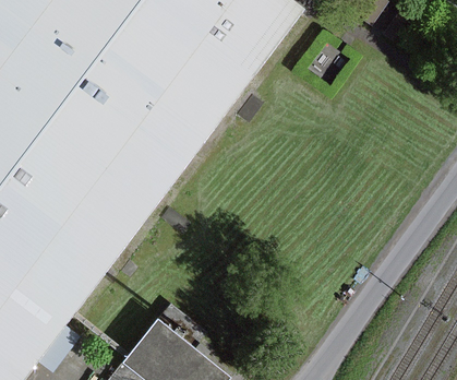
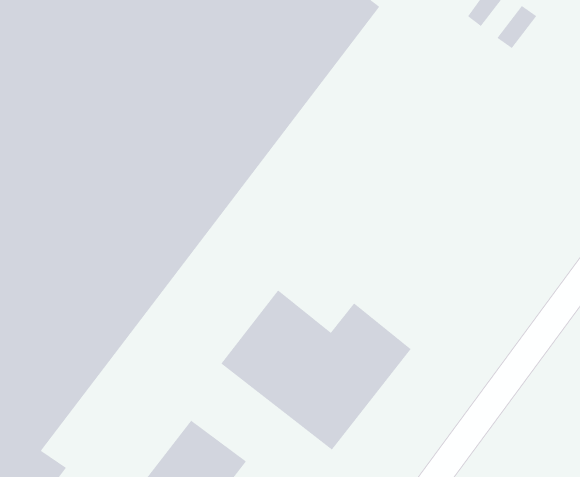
building: none -> [221,290,411,451]

